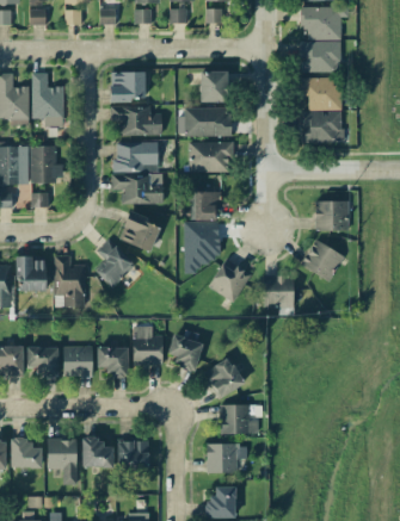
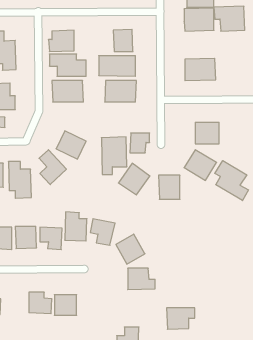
building: [300,76,343,111] -> [214,6,245,31]
building: [112,174,164,204] -> none
building: [195,192,222,219] -> [130,133,150,153]
building: none -> [215,161,248,201]
building: [48,439,78,484] -> none
building: [207,444,246,473] -> [167,308,195,329]

